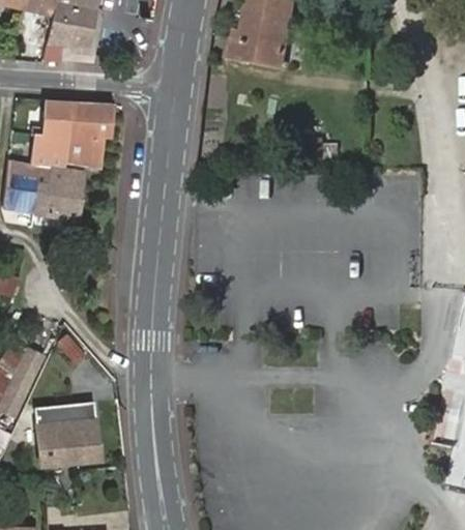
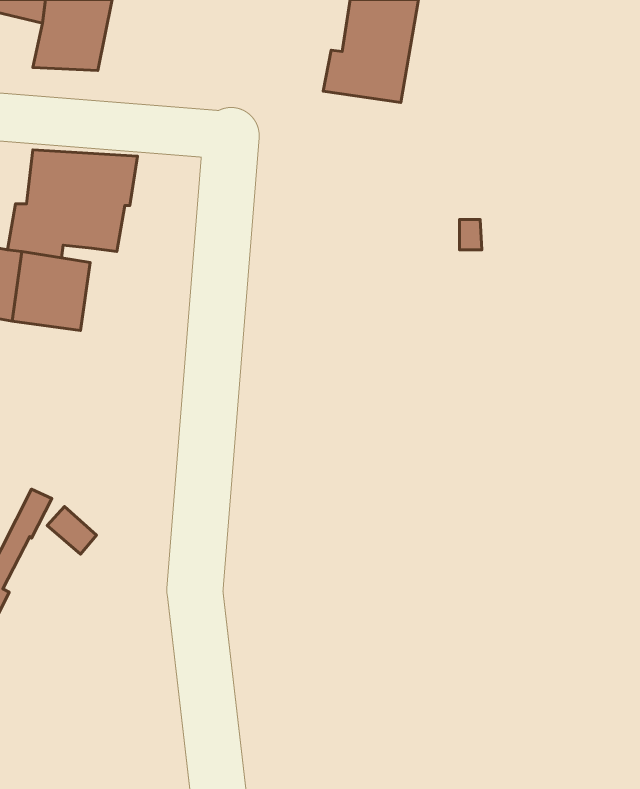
building: [35,398,97,460] -> none

